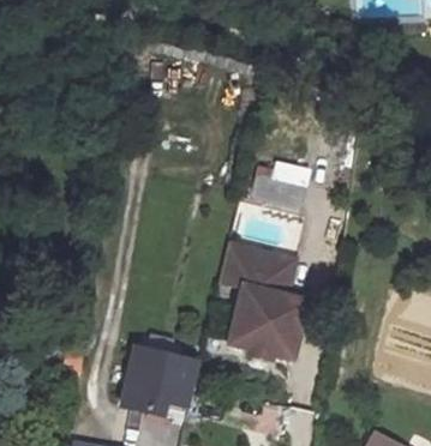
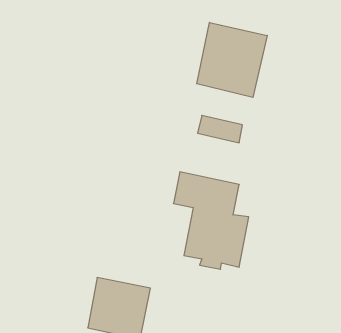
building: none -> [197,22,267,97]

